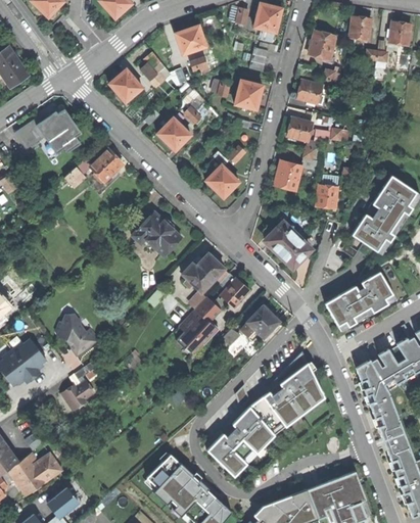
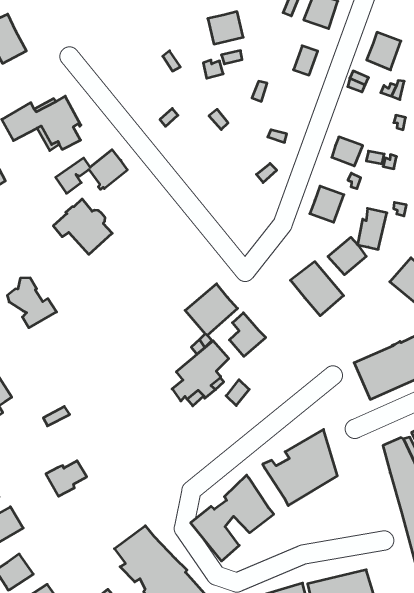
building: [110,69,142,102] -> none
building: [235,81,263,109] -> none
building: [298,82,323,104] -> none
building: [158,118,190,150] -> none
building: [206,165,239,198] -> none
building: none -> [328,237,366,275]
building: [133,211,182,256] -> [53,199,112,254]
building: [247,304,279,337] -> none
building: [57,315,99,355] -> [7,278,57,328]
building: [61,381,95,412] -> [46,461,87,496]
building: [248,397,279,429] -> none

